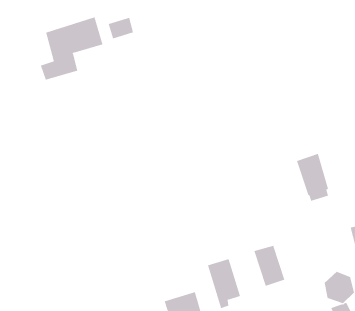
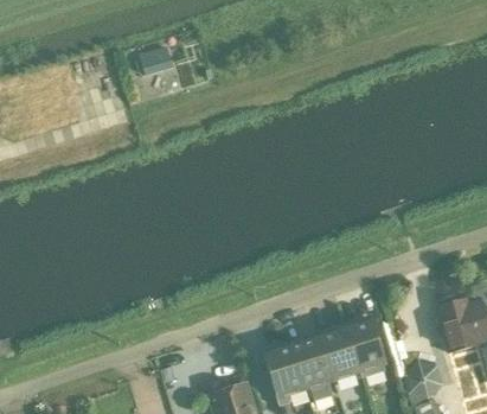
building: [40,16,103,80] -> none
building: [296,153,329,201] -> [344,318,384,377]
building: none -> [289,337,333,401]

